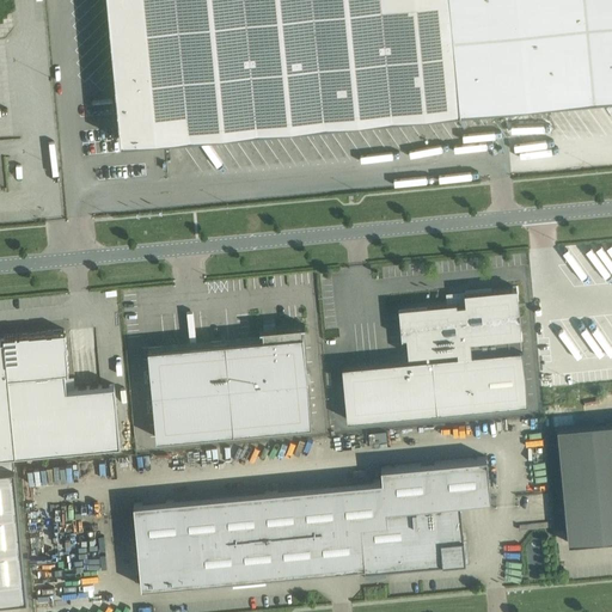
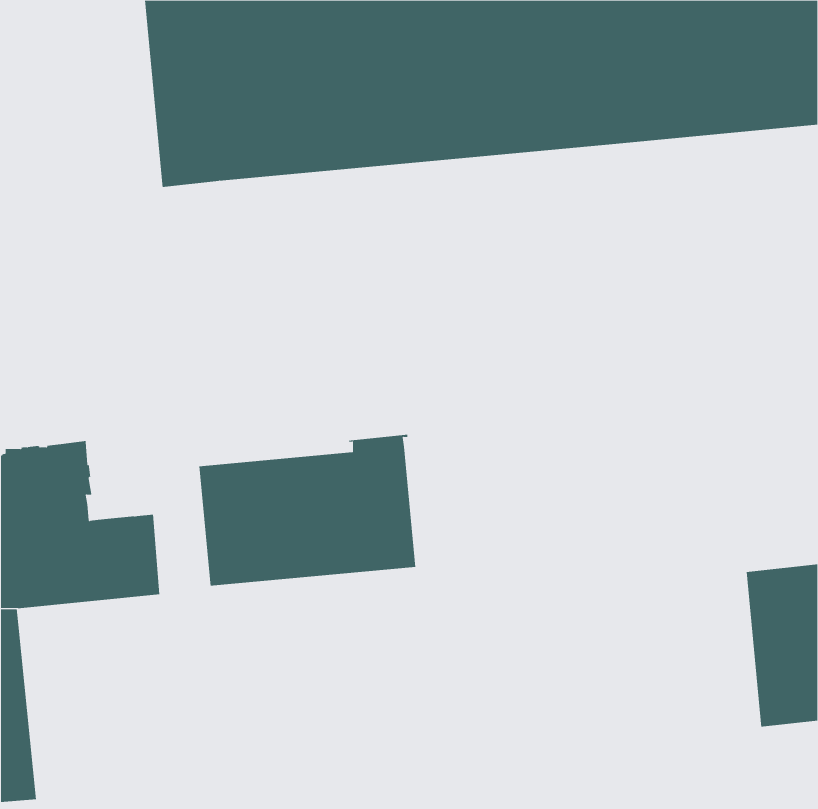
building: [342,294,527,427] -> none
building: [134,464,491,593] -> none

